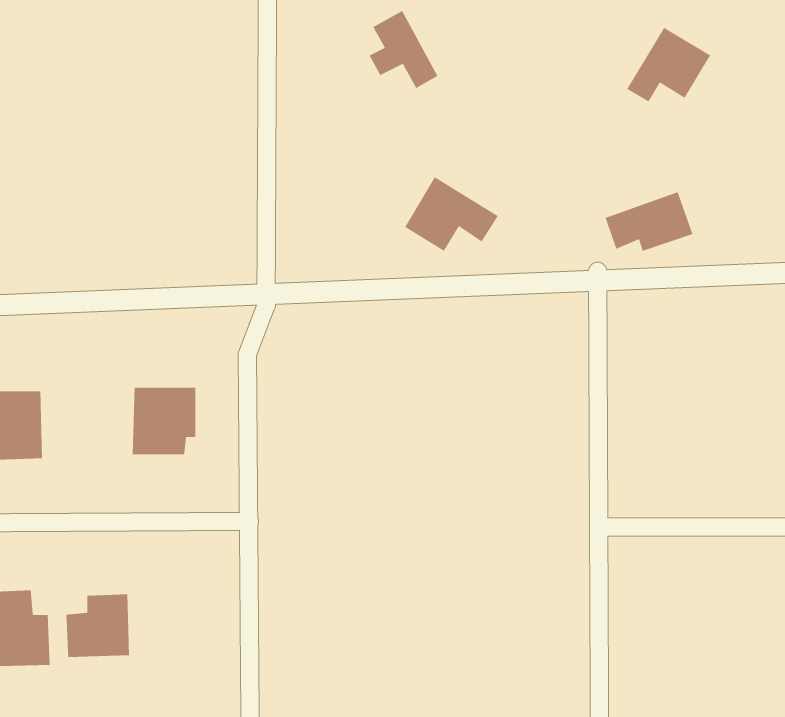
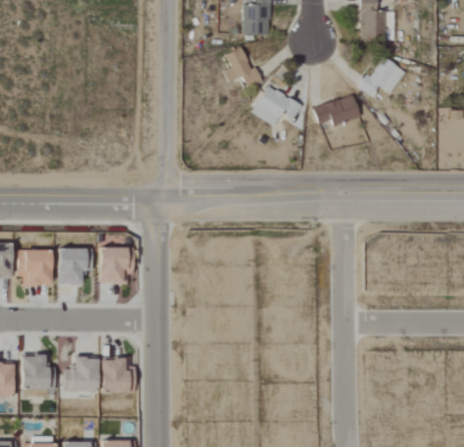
building: [404,176,499,252] -> [252,85,302,125]
building: [604,191,693,252] -> [313,94,360,126]
building: none -> [57,248,82,284]
building: none -> [101,358,124,392]

